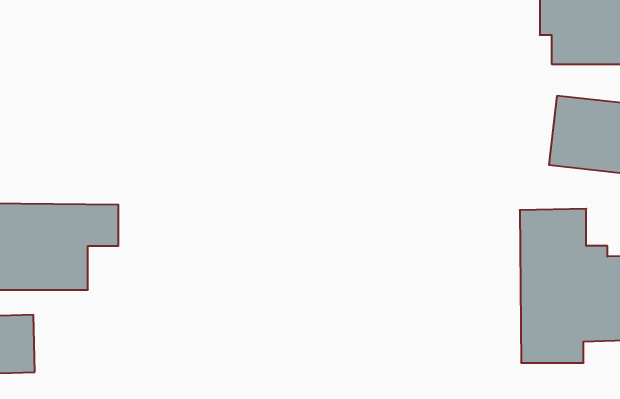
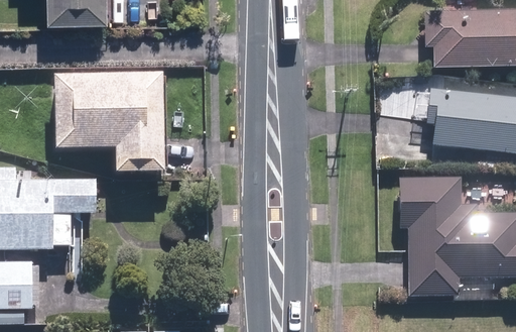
building: none -> [60,70,168,163]

